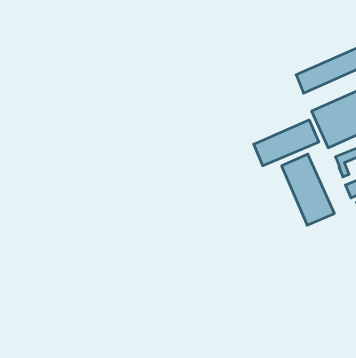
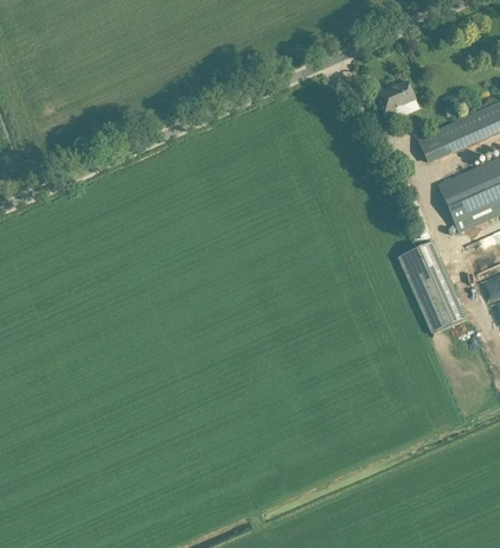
building: none -> [376,82,416,116]
building: [254,120,319,166] -> none

